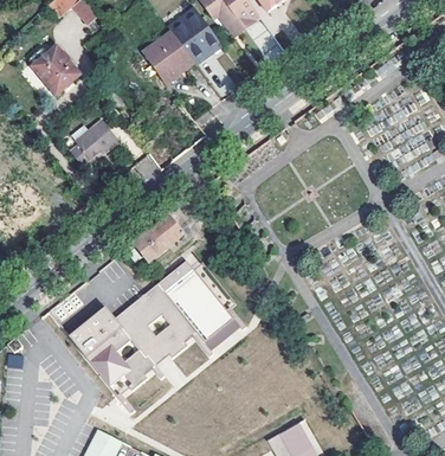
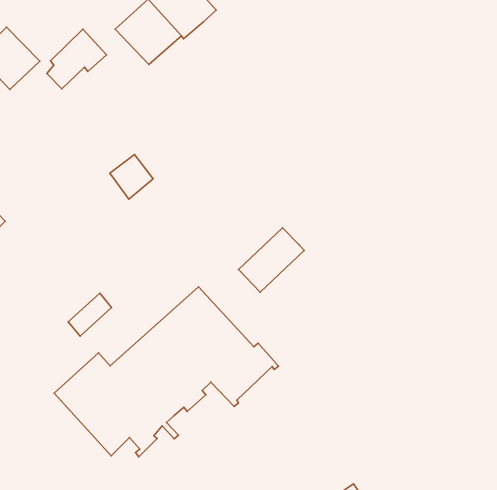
building: [73,120,121,165] -> [47,29,106,89]
building: [133,213,185,262] -> [238,228,304,292]

